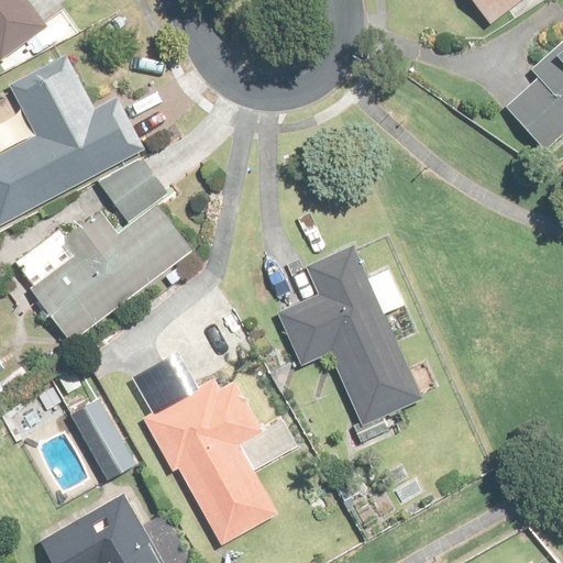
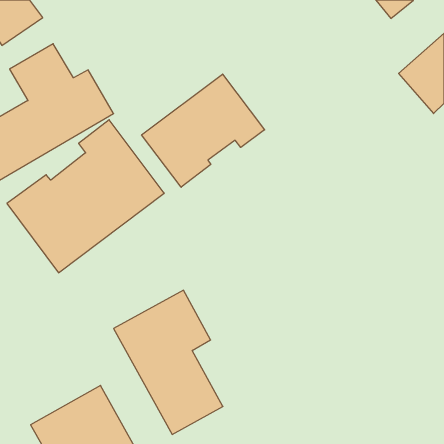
building: none -> [142,74,265,187]
building: [276,246,426,422] -> none
building: [68,397,132,478] -> none

